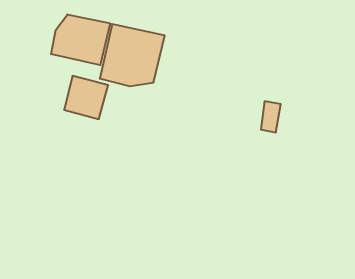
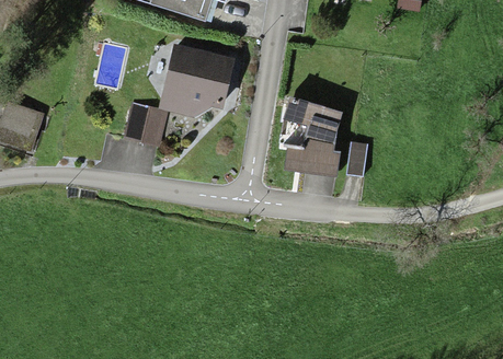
building: [51,14,110,65] -> none
building: none -> [283,102,341,171]

